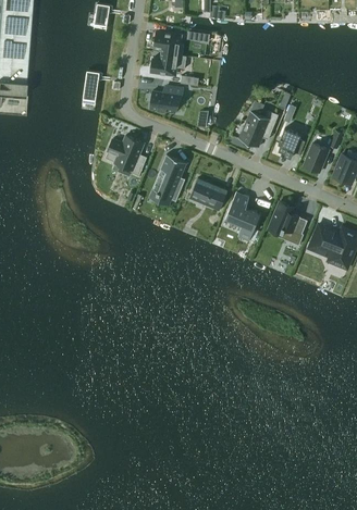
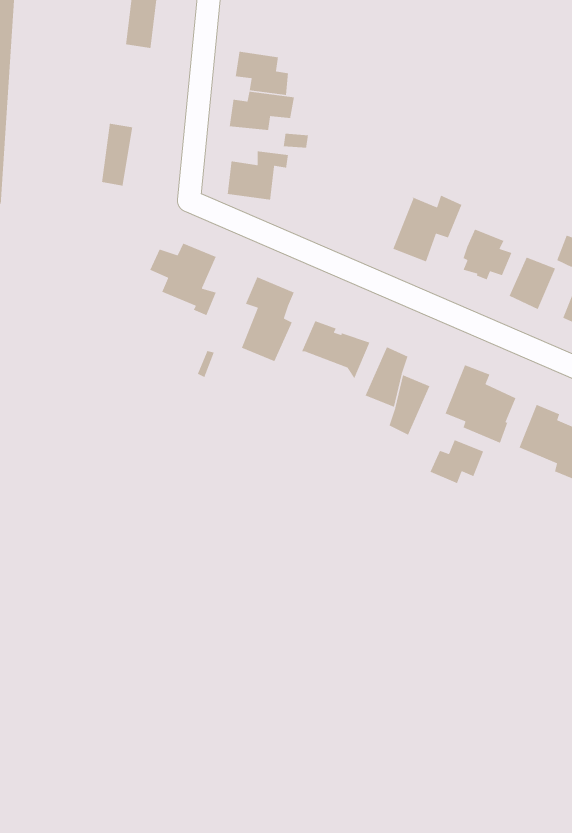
building: none -> [423,439,484,484]

